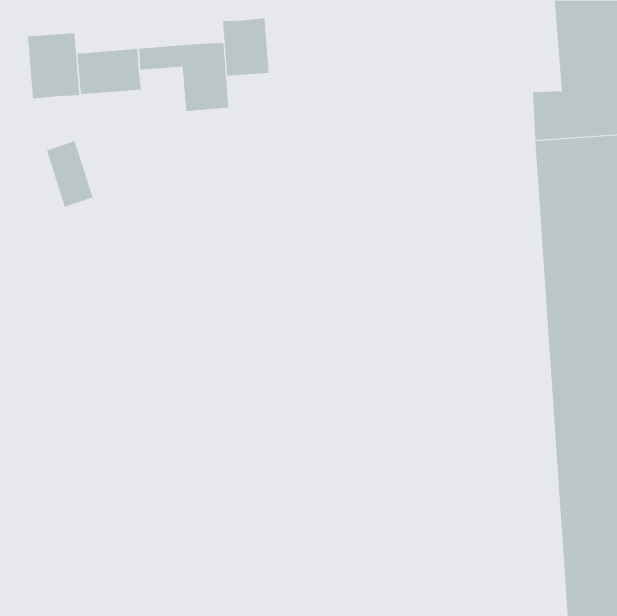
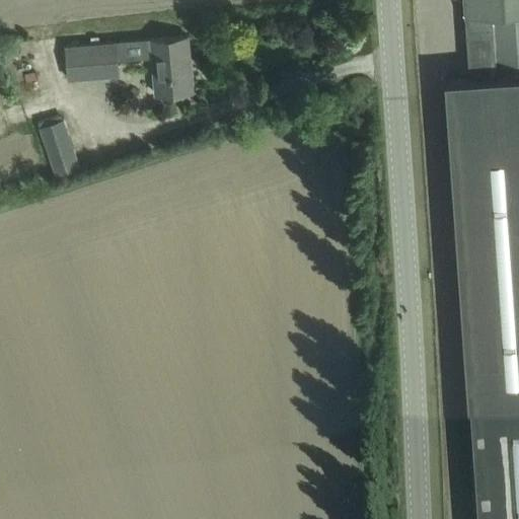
building: [223,18,269,76] -> none
building: [27,32,80,99] -> none

